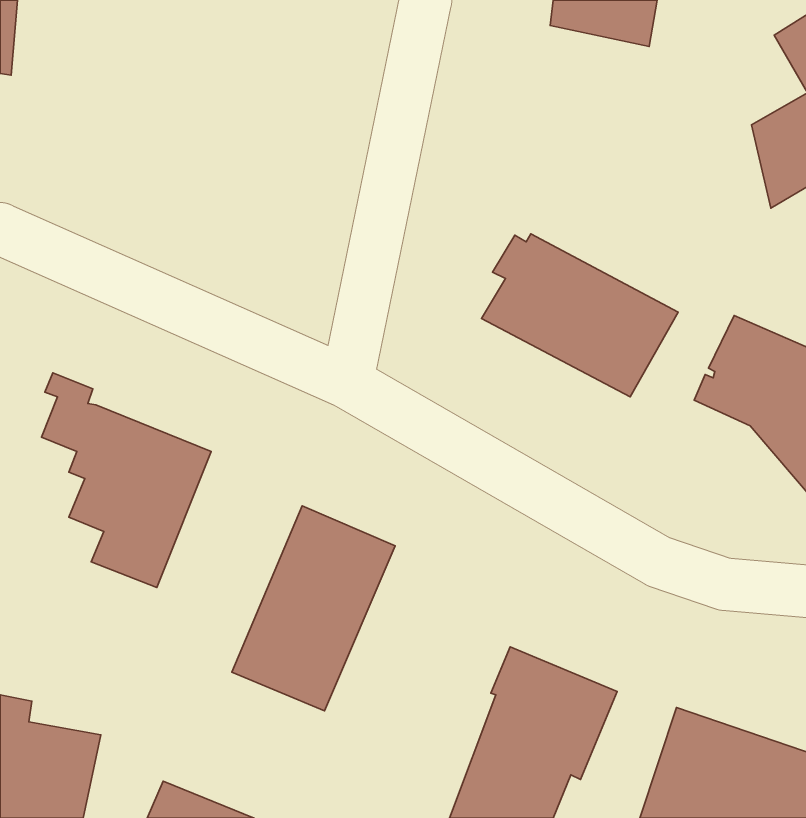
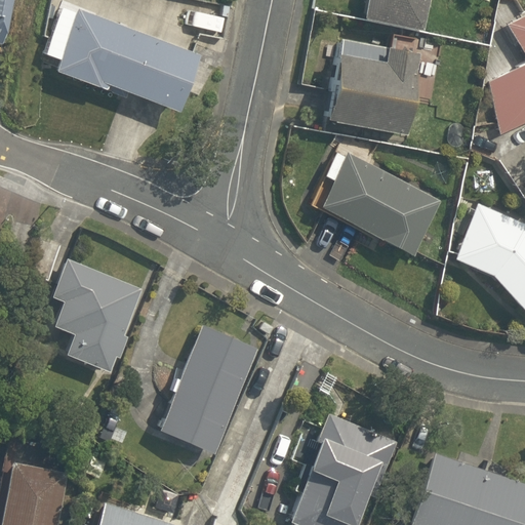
building: none -> [51,13,200,118]
building: none -> [320,37,421,133]

